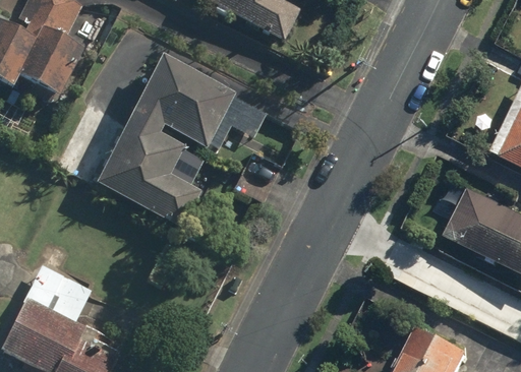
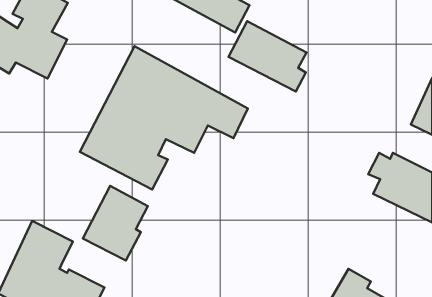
building: none -> [229,21,306,92]
building: none -> [83,186,148,261]

